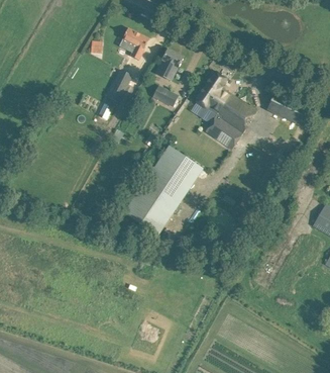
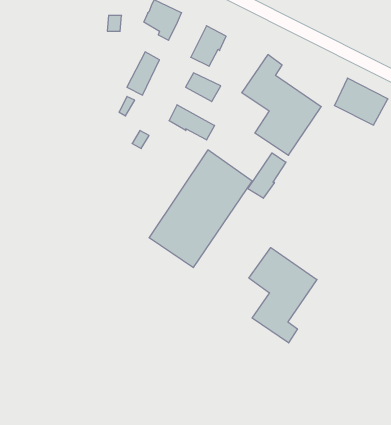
building: none -> [169,105,215,140]
building: none -> [248,153,286,198]
building: none -> [249,248,317,343]

